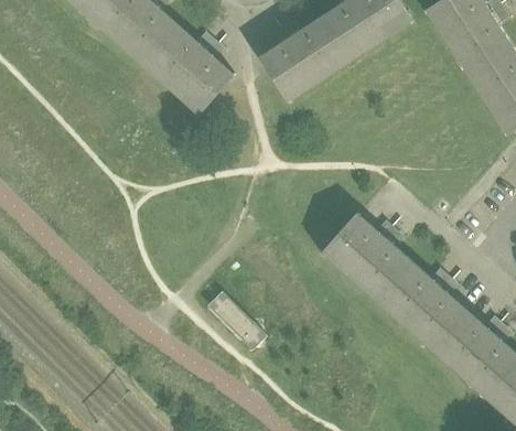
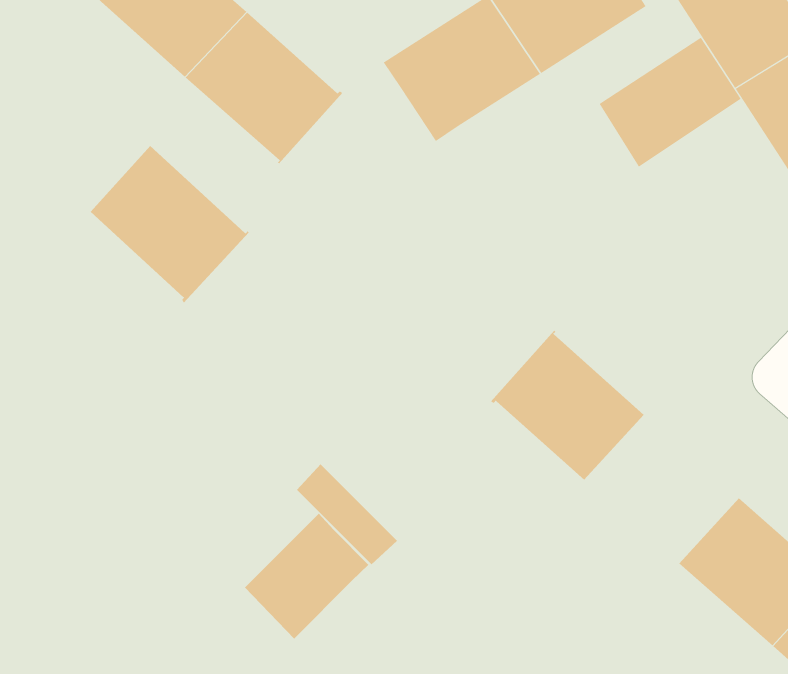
building: none -> [599,37,742,167]
building: none -> [90,145,250,304]
building: [375,259,465,346] -> none
building: none -> [244,513,369,640]

